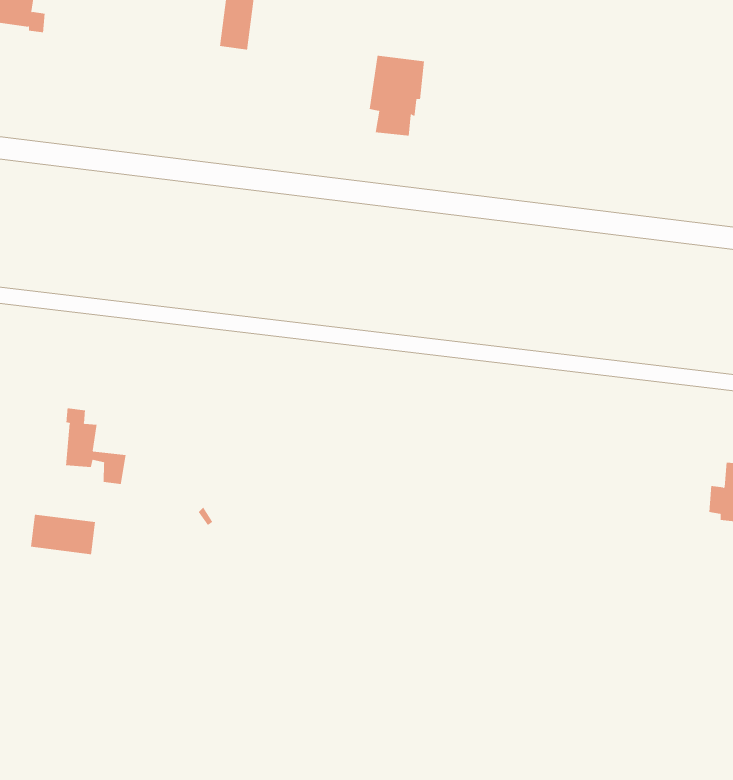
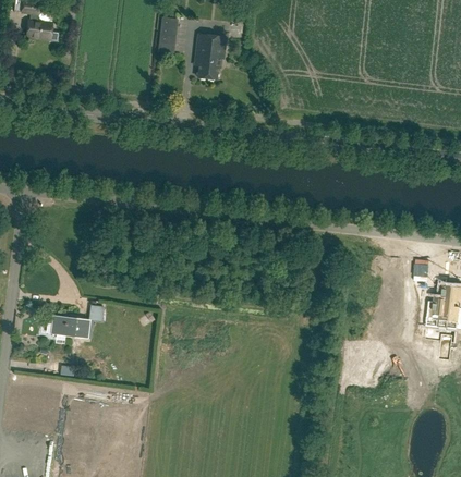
building: [369,55,425,136] -> [194,34,226,80]
building: [65,407,126,485] -> none

